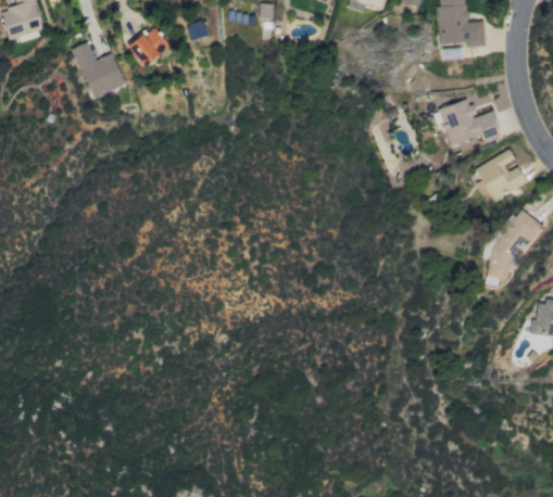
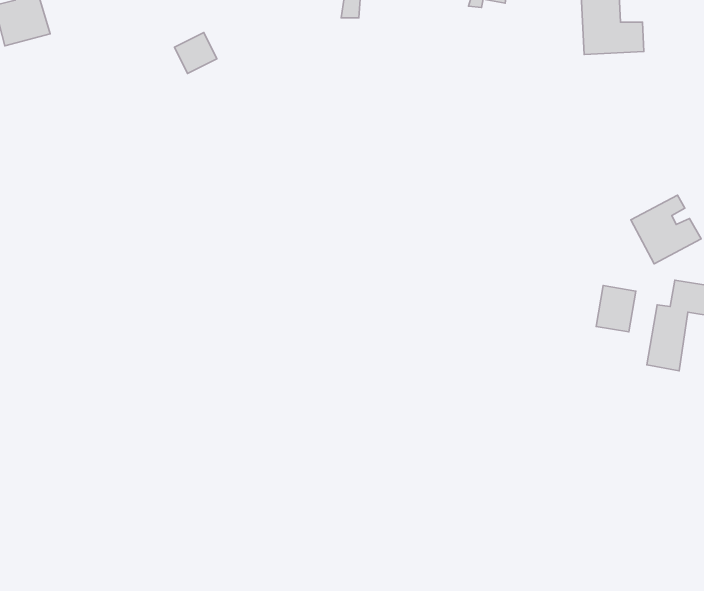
building: [72,43,126,99] -> none
building: [440,101,493,142] -> none
building: none -> [596,286,636,332]

